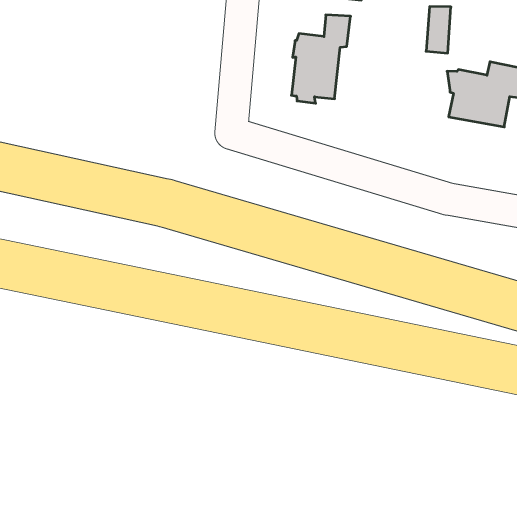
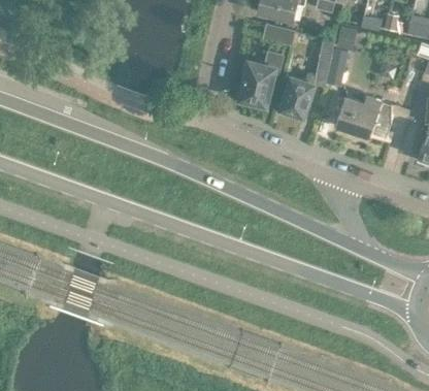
building: none -> [279,56,331,117]

